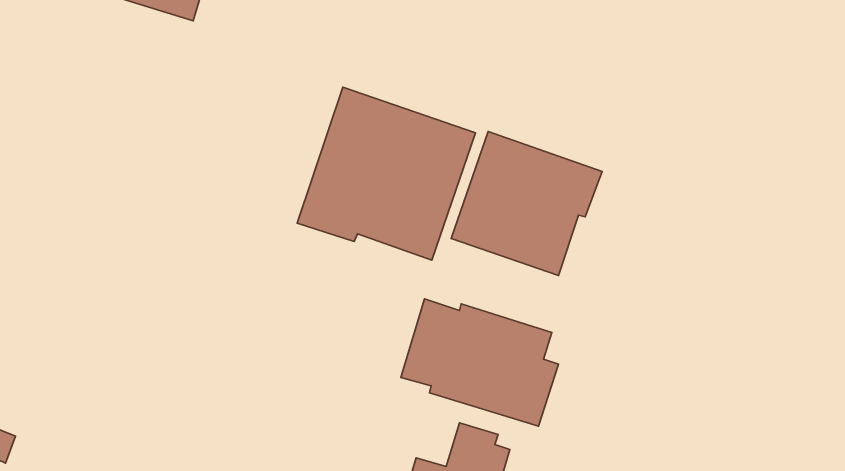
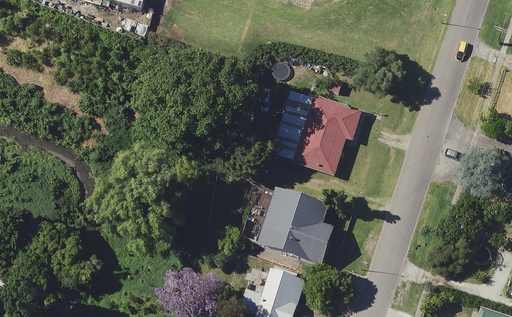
building: [297,87,476,260] -> none

